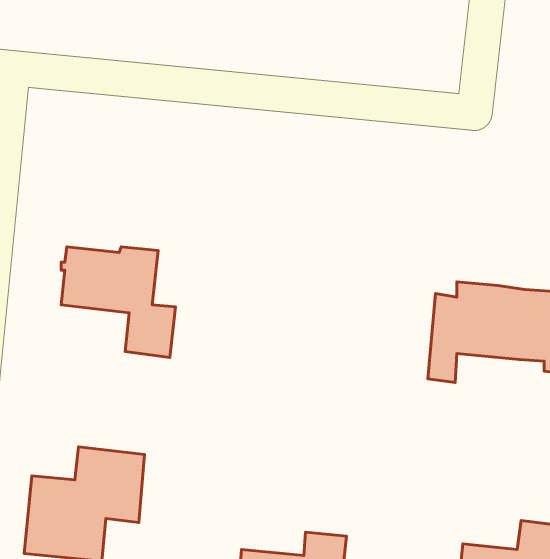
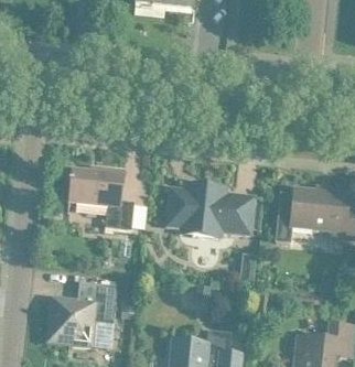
building: none -> [168,184,255,237]

